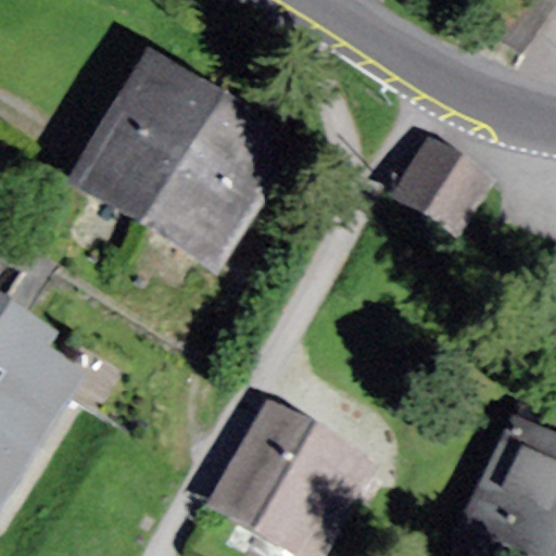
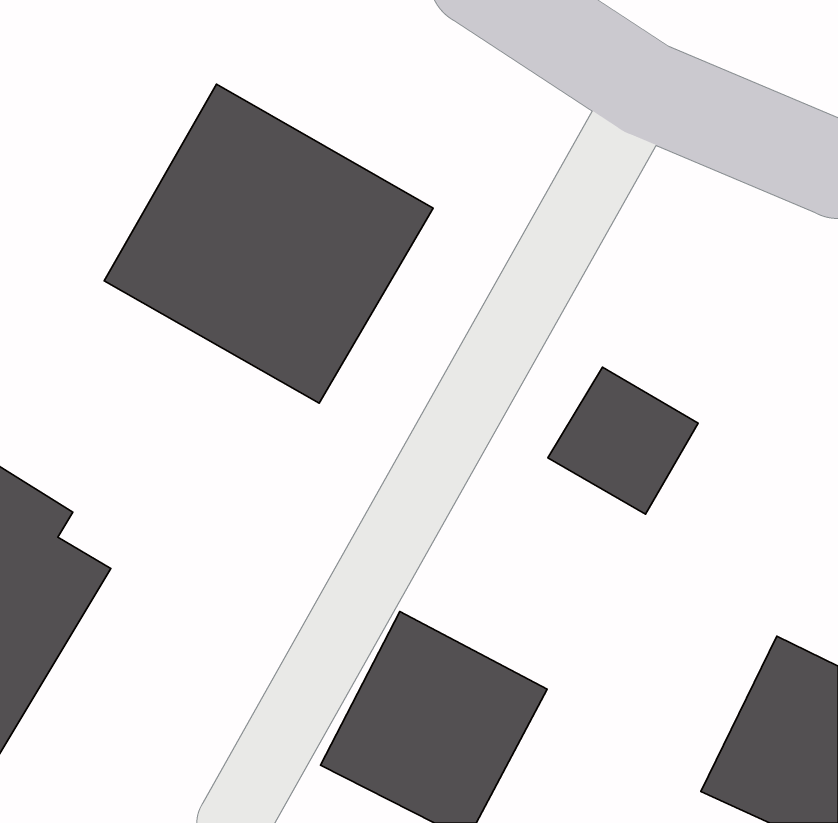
building: [392,135,491,231] -> [548,367,698,514]

